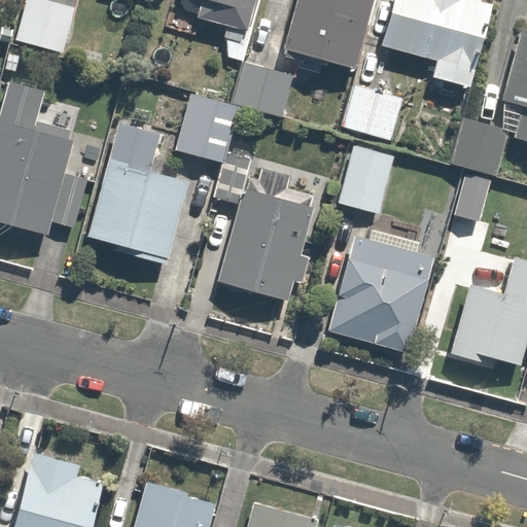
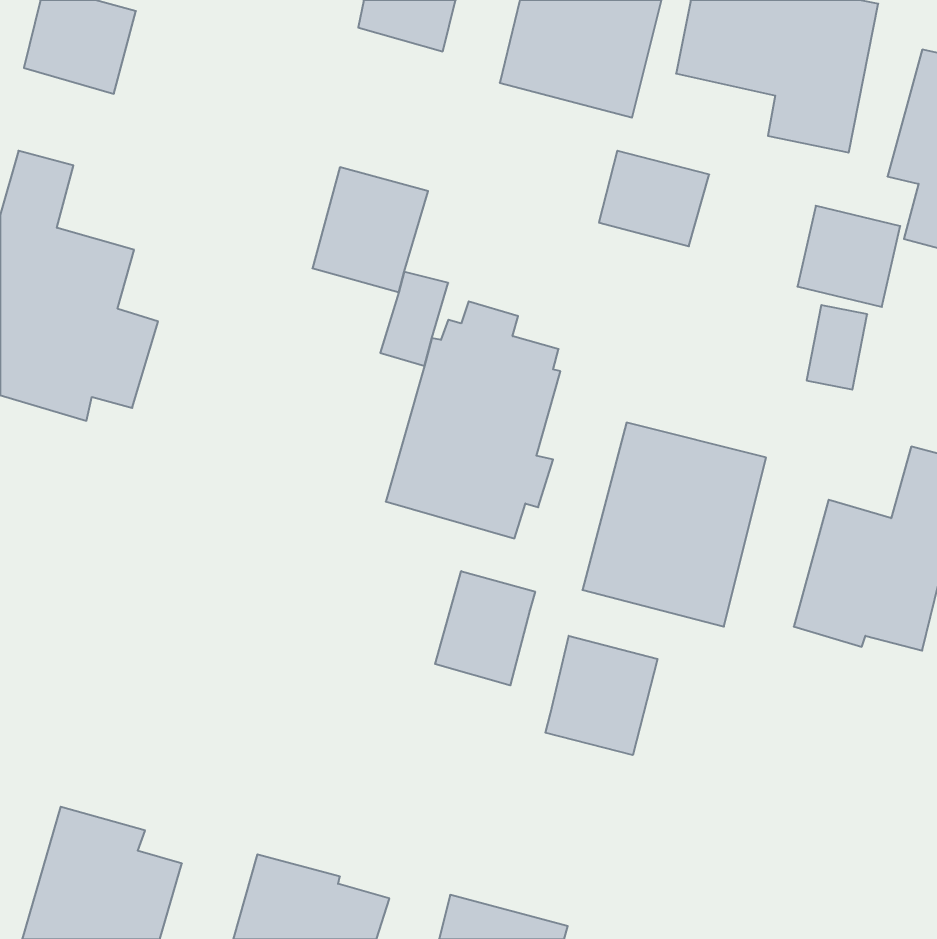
building: [233,62,293,116] -> none
building: [87,121,189,265] -> none
building: [336,146,394,210] -> none
building: none -> [435,571,535,685]
building: none -> [545,636,658,755]

